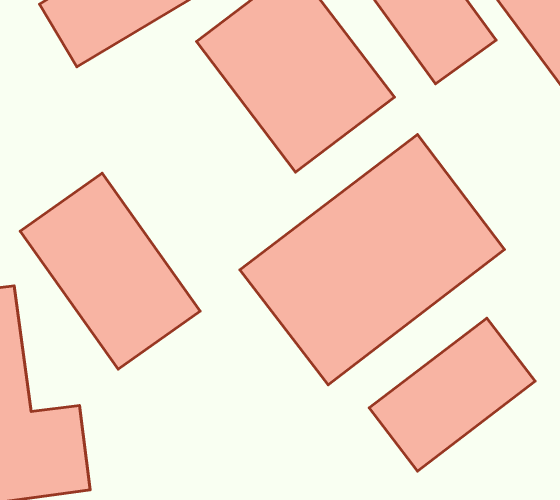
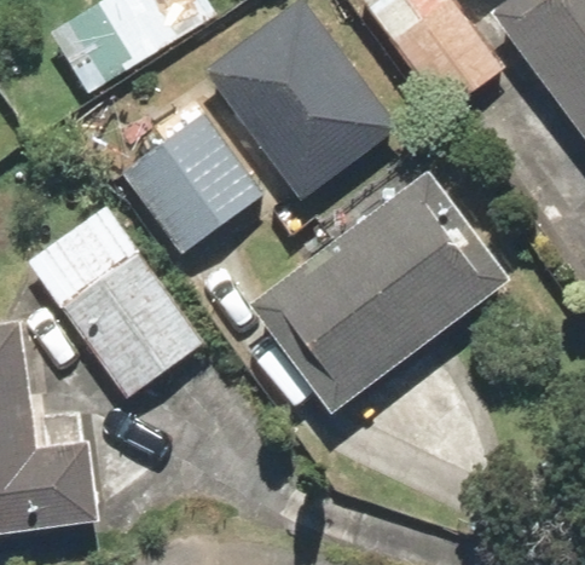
building: none -> [120,110,268,260]
building: [369,318,535,471] -> none

